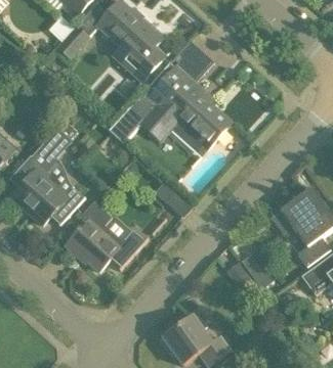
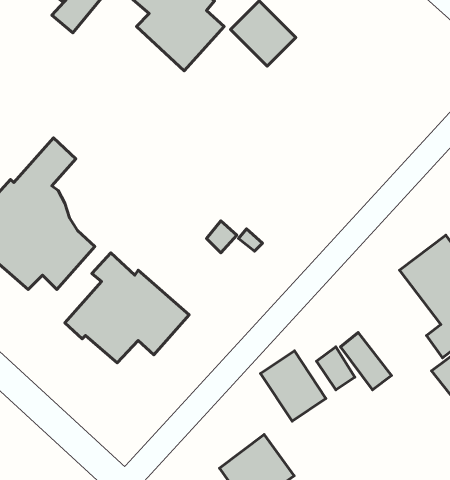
building: [110,61,231,155] -> none
building: none -> [260,351,326,421]

